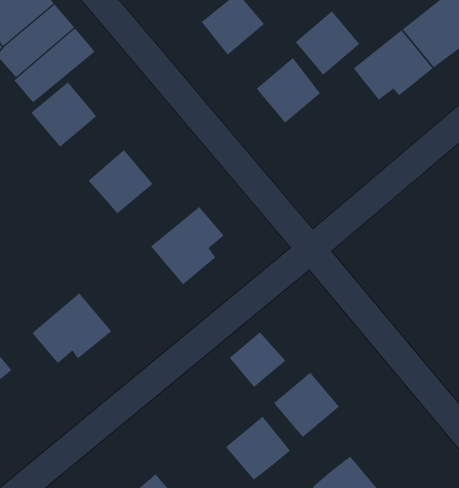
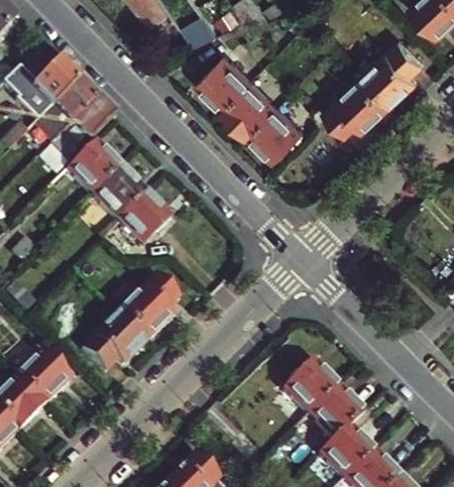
building: [295,11,360,75] -> [221,81,274,134]
building: none -> [91,167,143,221]
building: [150,206,224,285] -> [117,276,177,342]
building: [229,332,286,388] -> none
building: [225,416,291,481] -> [309,387,362,441]

